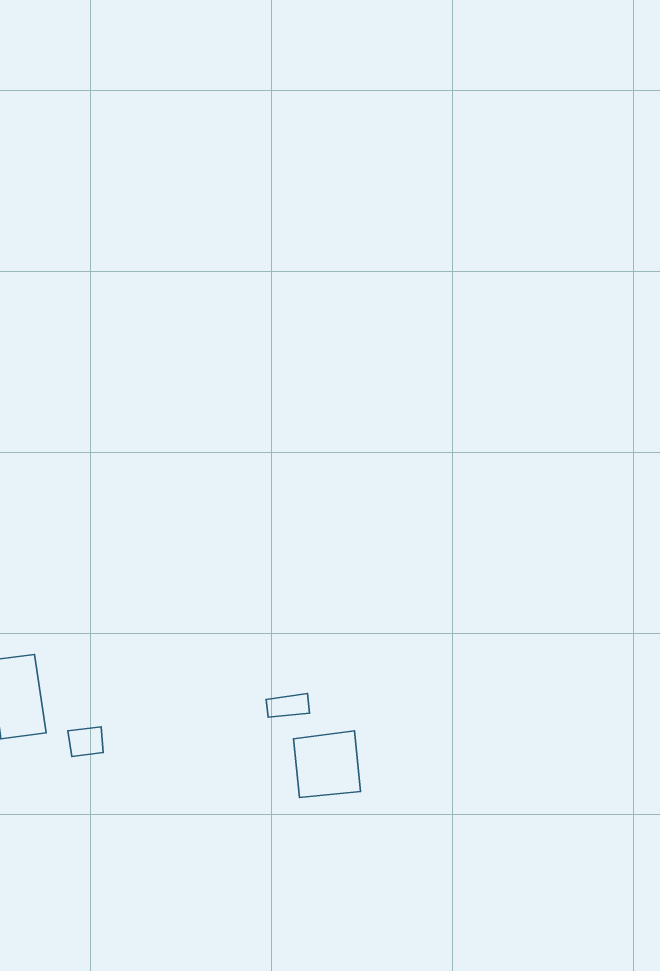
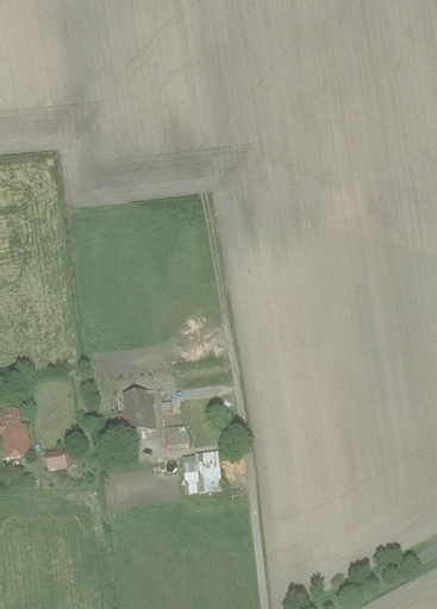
building: none -> [118,388,157,431]

